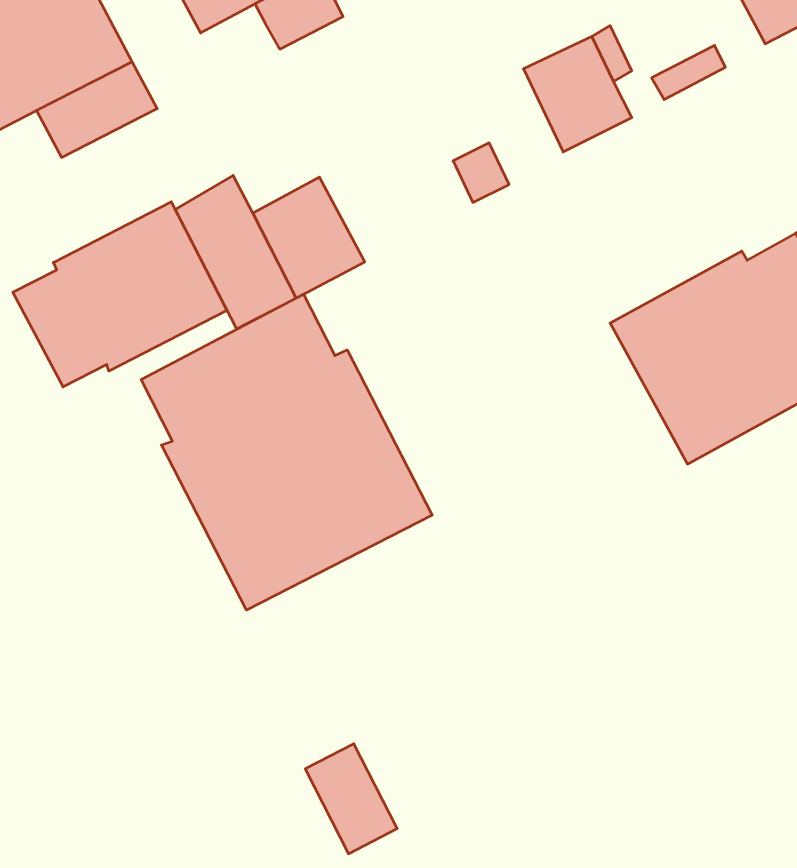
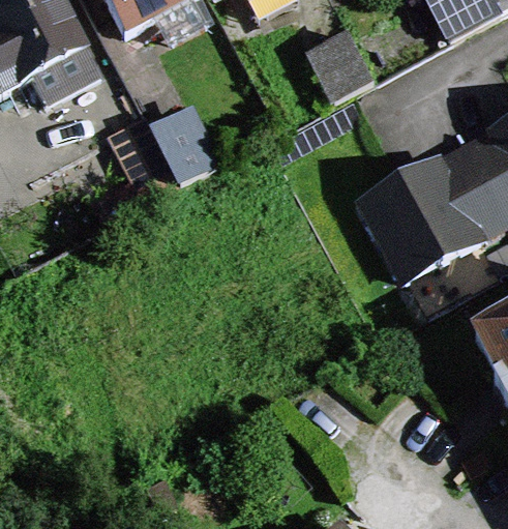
building: [13,202,227,387] -> none
building: [141,294,432,610] -> none

